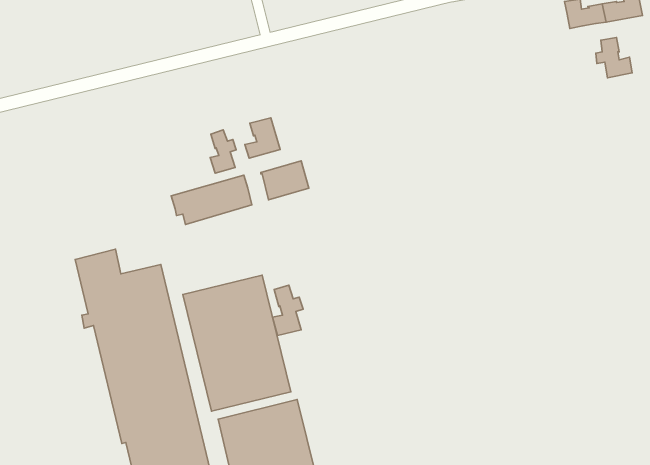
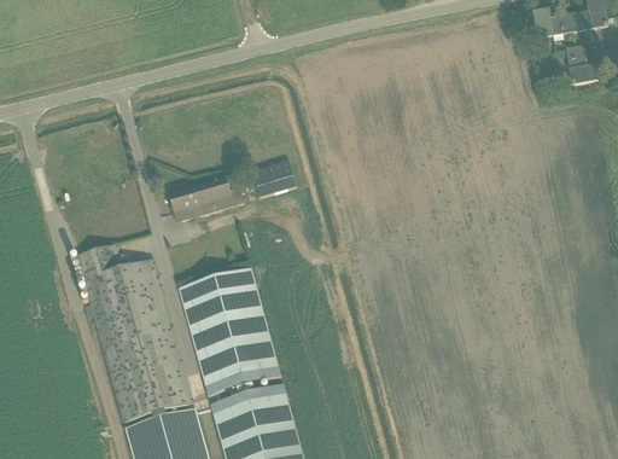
building: [245,118,280,158] -> none
building: [210,130,236,173] -> none
building: [272,285,303,335] -> none

